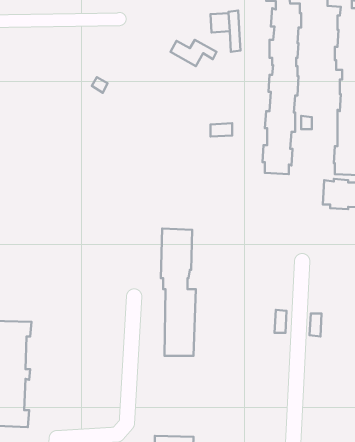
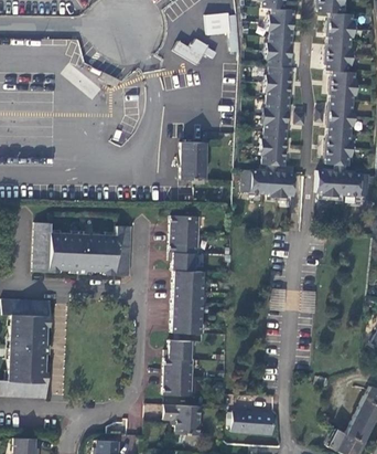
building: none -> [181,141,204,178]
building: none -> [241,169,294,197]
building: none -> [34,221,131,273]
building: none -> [163,339,191,392]

